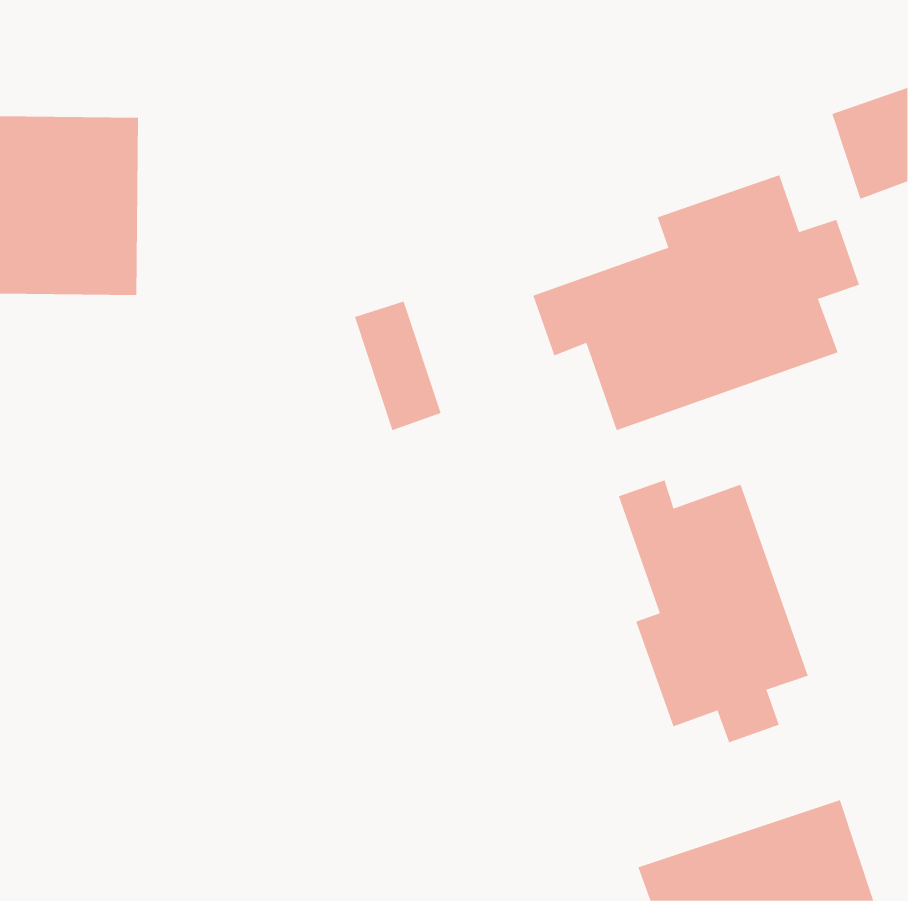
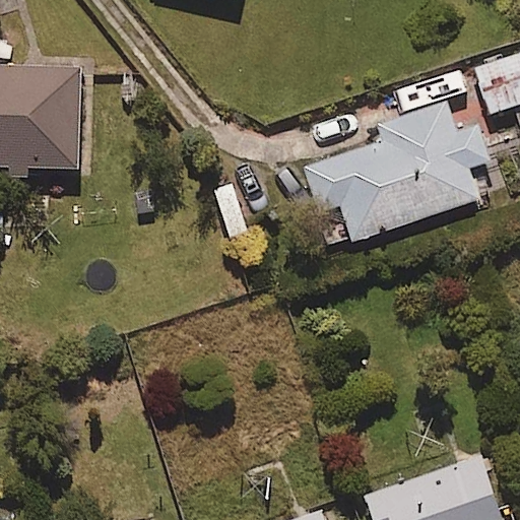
building: [618,479,809,743] -> none

